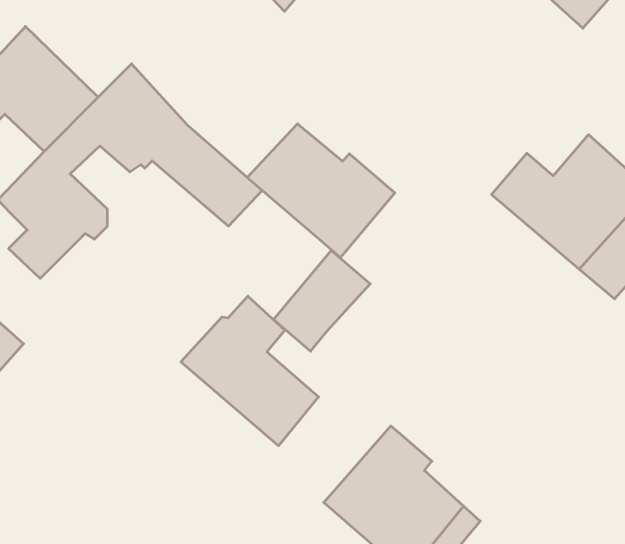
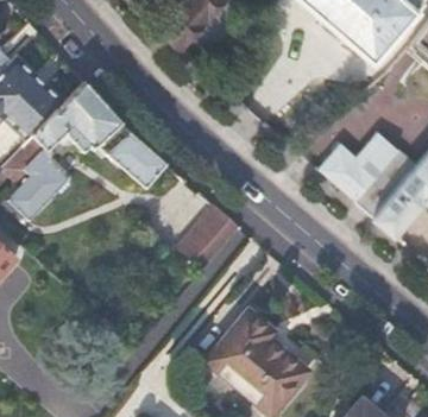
building: [247,124,395,257] -> none
building: [181,296,319,446] -> none

